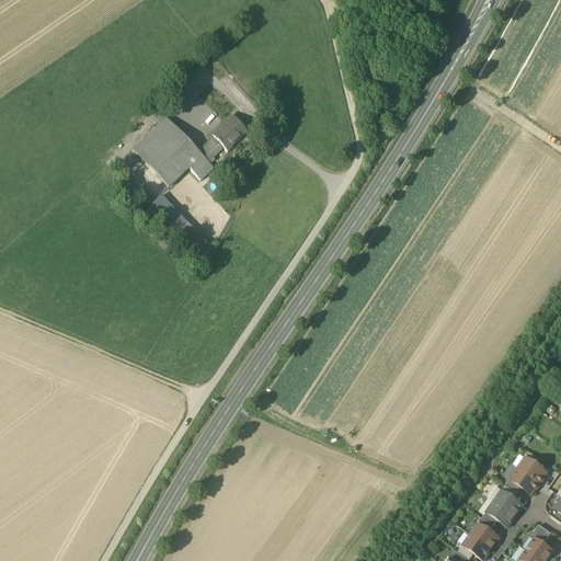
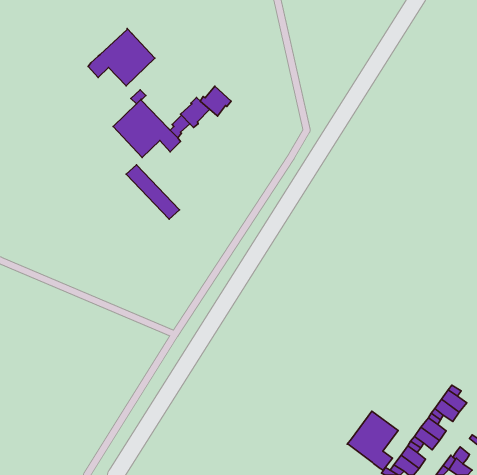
building: none -> [88,28,155,86]
building: none -> [200,86,231,116]
building: none -> [347,411,398,470]

